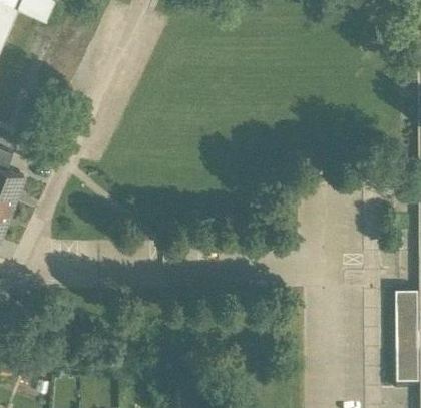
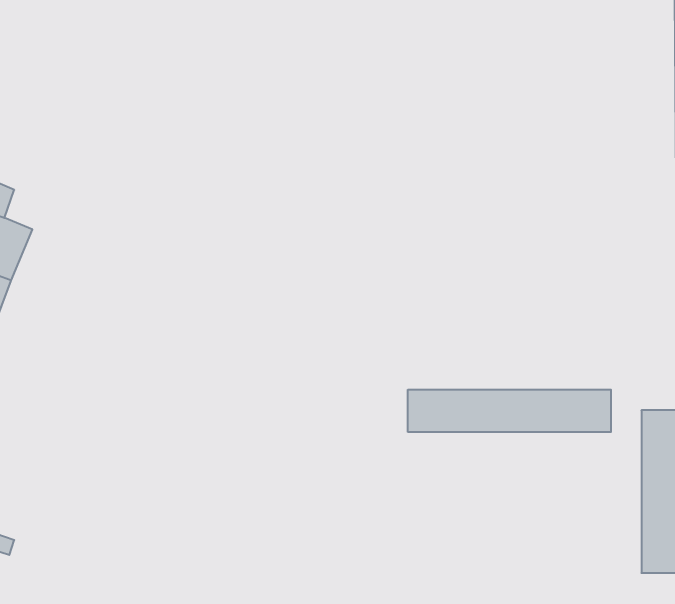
building: none -> [408,390,611,432]

